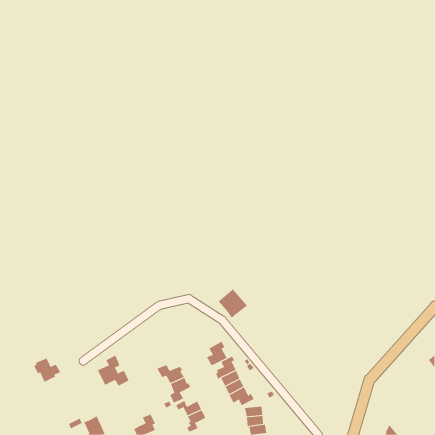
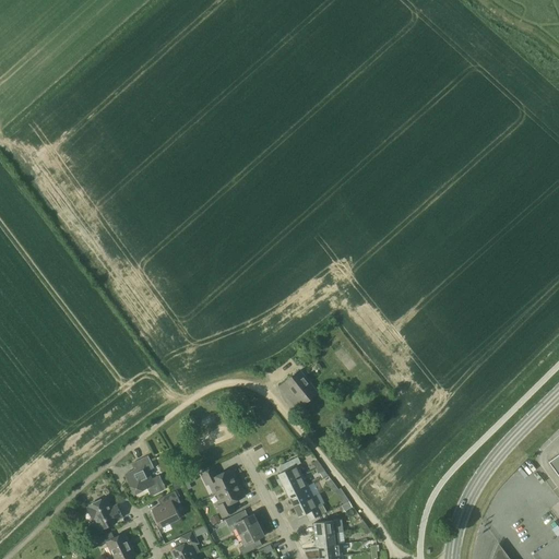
building: [206,341,227,366] -> none
building: [33,358,61,382] -> [87,498,123,530]
building: none -> [152,490,180,527]

